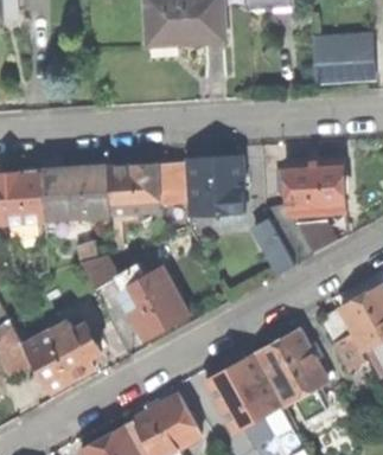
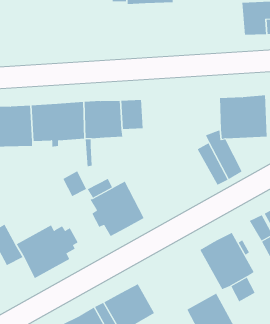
building: [192,156,243,212] -> none
building: [203,357,279,435] -> none

